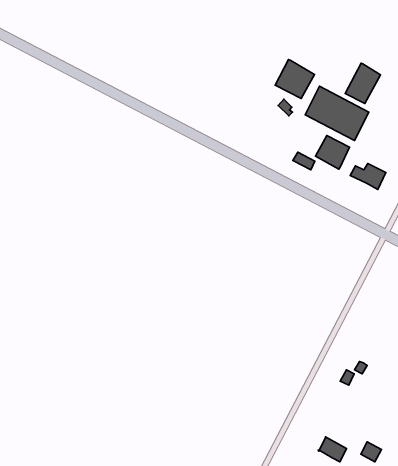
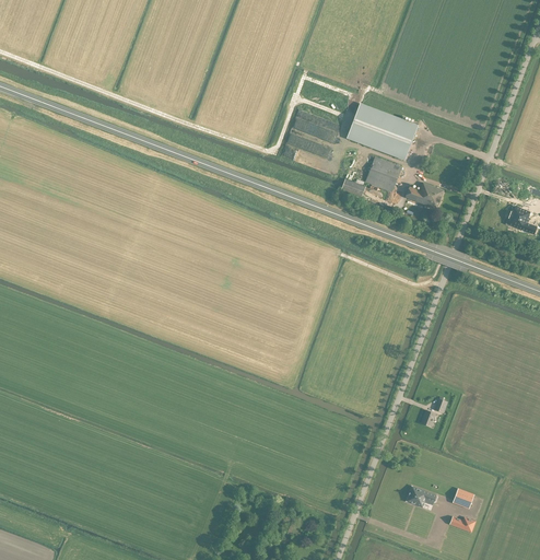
building: [275,59,314,98] -> none
building: [345,63,380,104] -> none

